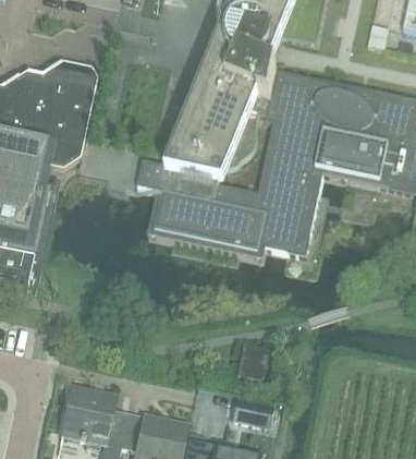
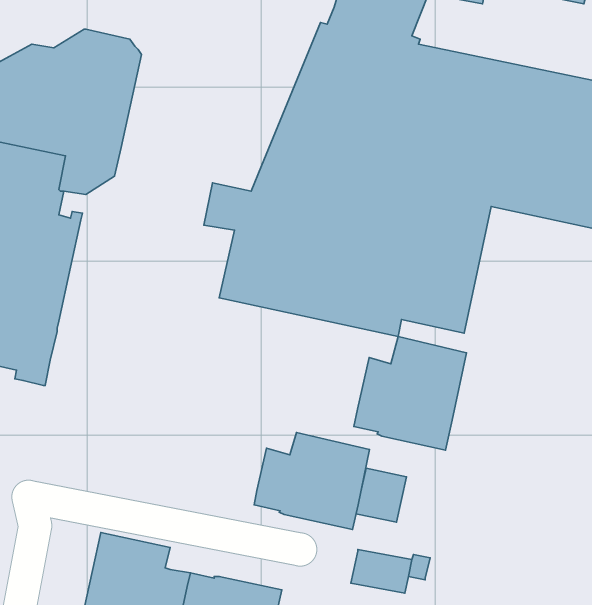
building: none -> [354,337,466,450]
building: none -> [254,432,370,530]

